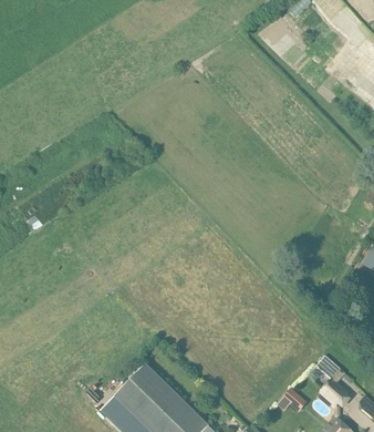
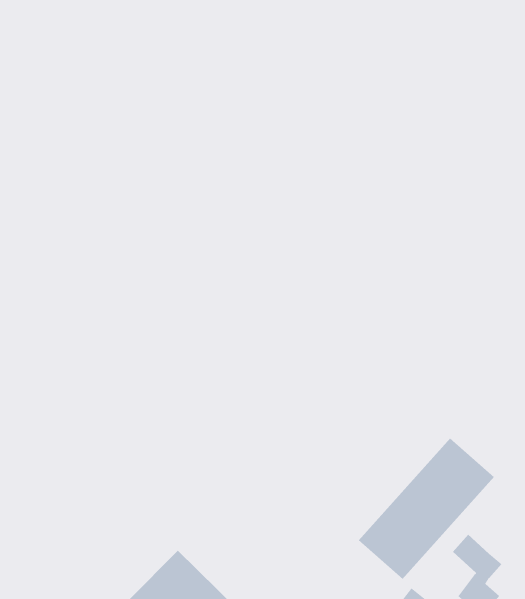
building: none -> [358,437,495,580]

